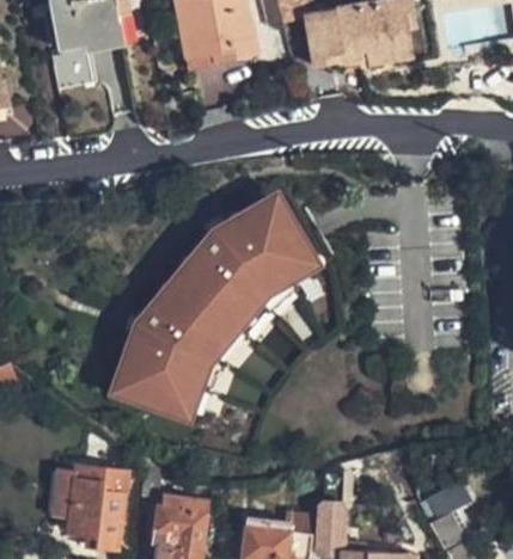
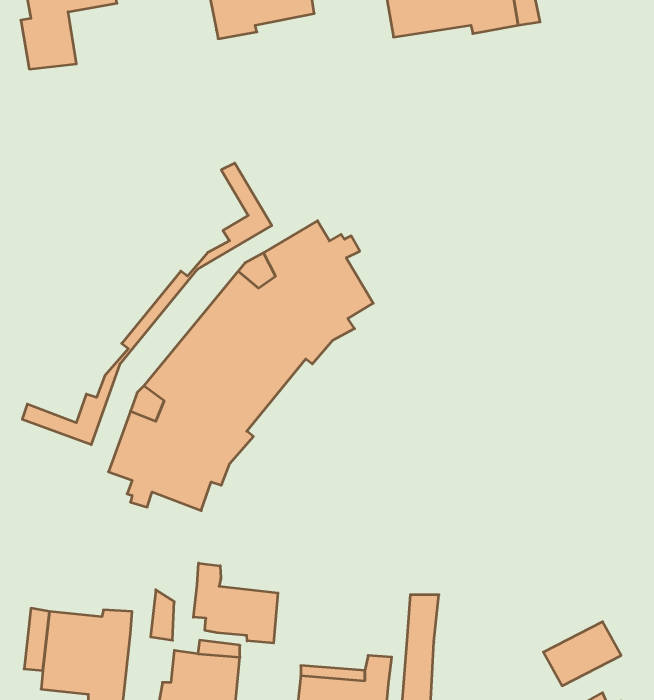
building: [140,222,317,422] -> [22,163,272,445]
building: none -> [193,563,278,643]

